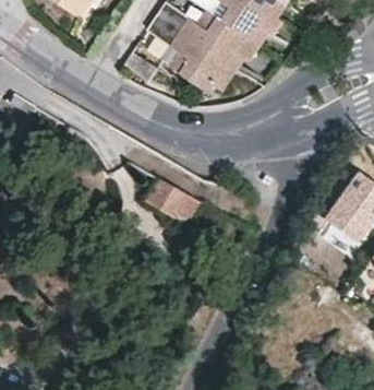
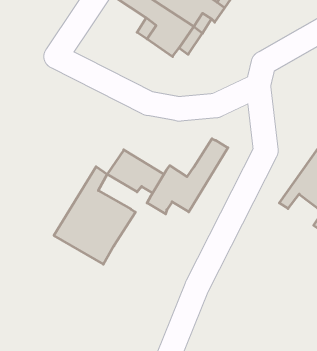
building: none -> [147,139,228,214]
building: none -> [54,167,135,264]

